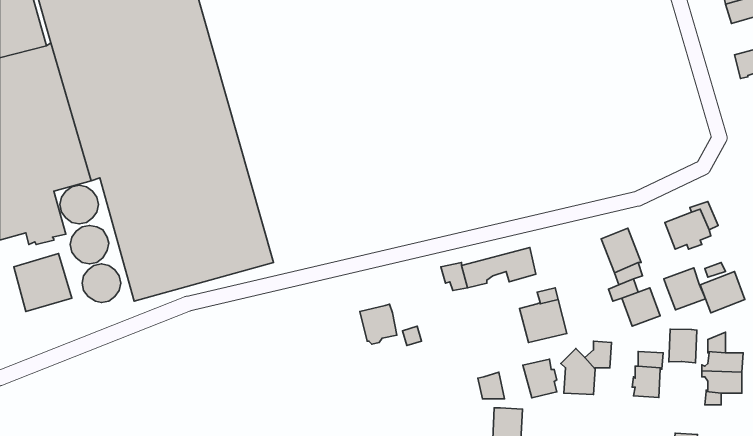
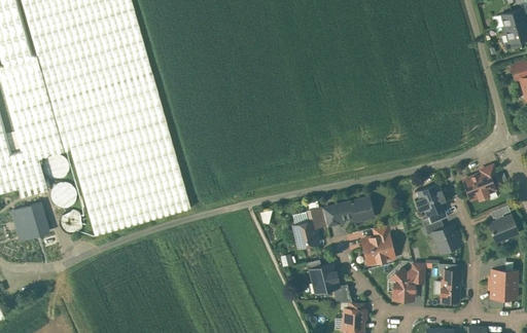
building: [664,268,706,310] -> none
building: [360,304,397,344] -> [292,221,318,249]
building: [669,329,697,363] -> none
building: [523,359,557,398] -> [313,264,337,291]

